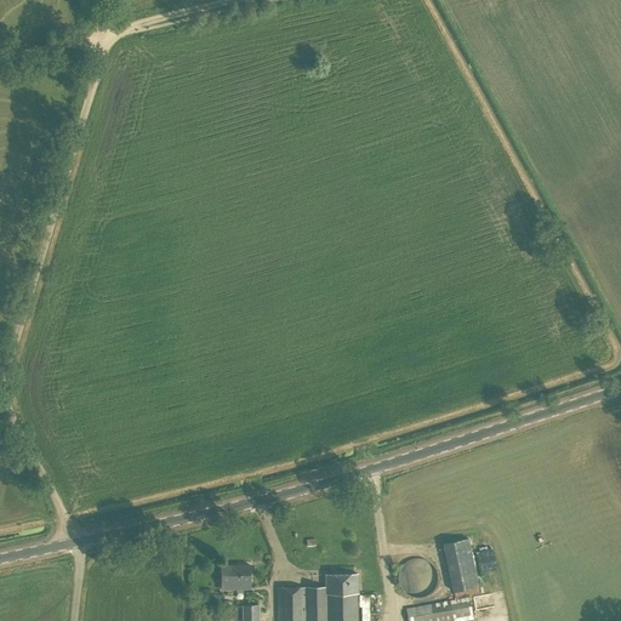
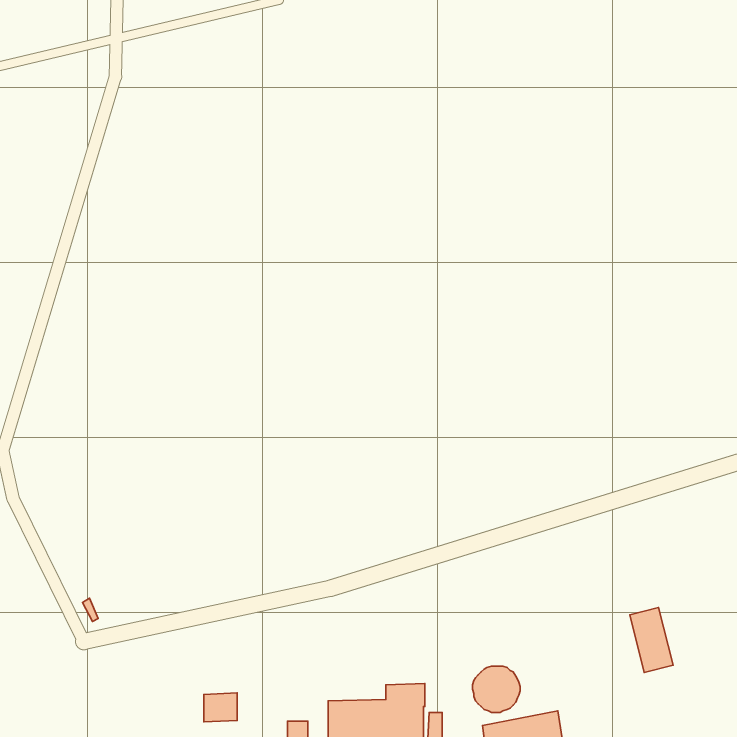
building: [443,537,479,592] -> [630,608,673,673]
building: [221,566,249,591] -> [204,693,237,722]

